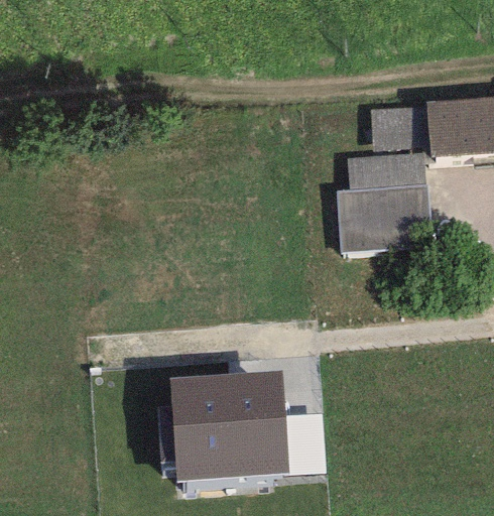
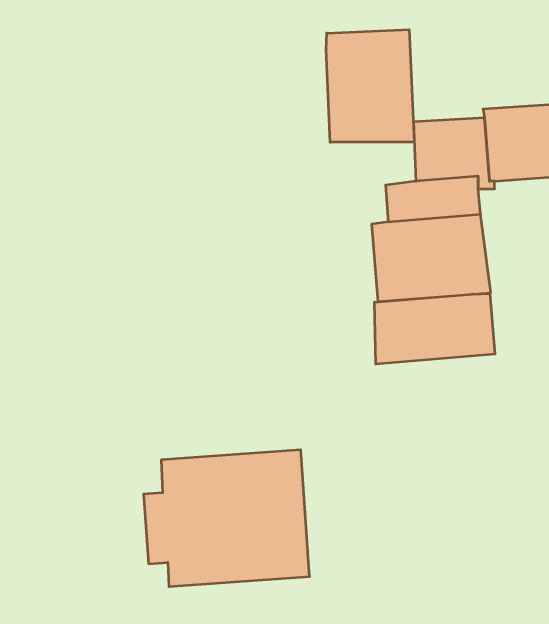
building: none -> [326,30,414,142]
building: none -> [375,294,495,364]

